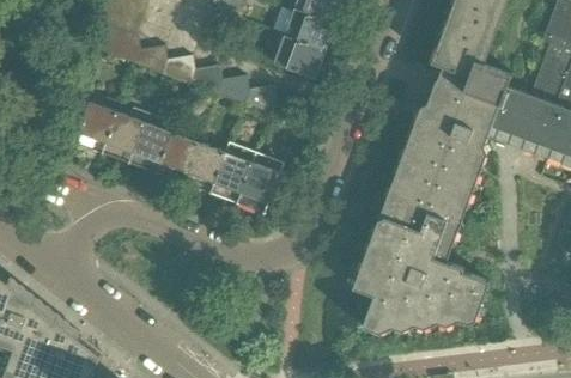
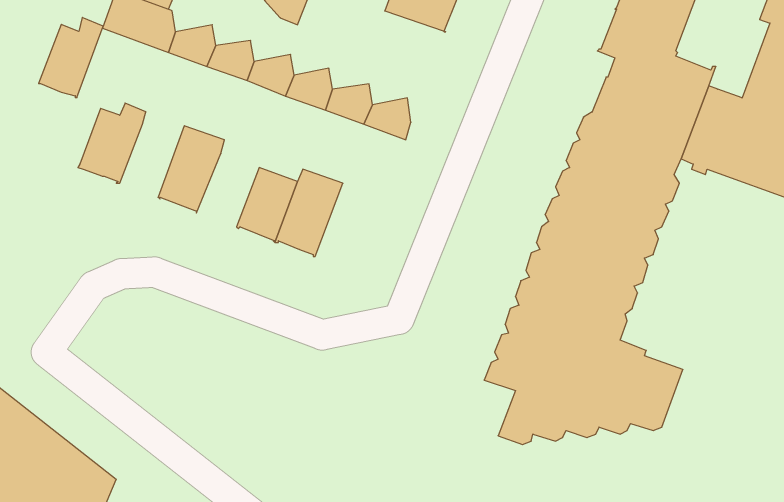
building: [273,31,326,78] -> none
building: [102,106,146,161] -> [39,17,103,98]
building: [154,132,200,182] -> none
building: [236,152,283,213] -> none

